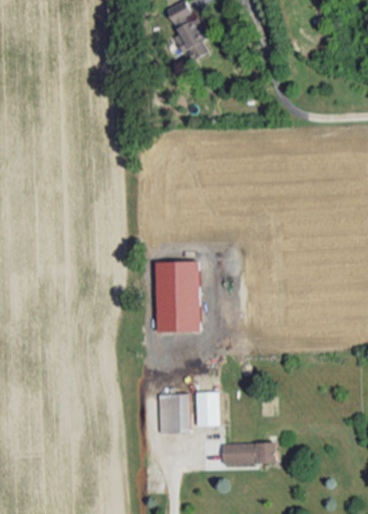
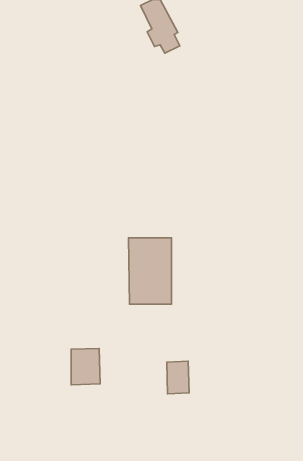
building: [158,394,190,433] -> [71,348,100,385]
building: [222,444,276,466] -> none

